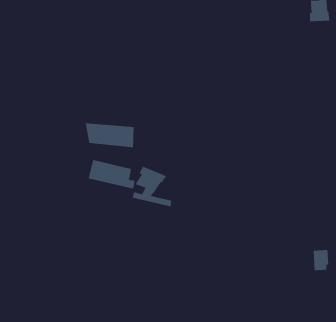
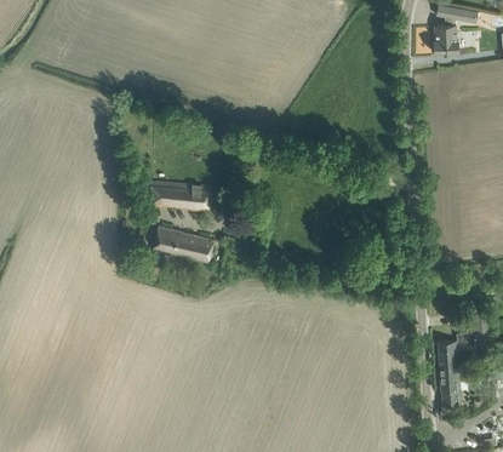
building: [132,166,172,207] -> none
building: none -> [439,365,461,405]

